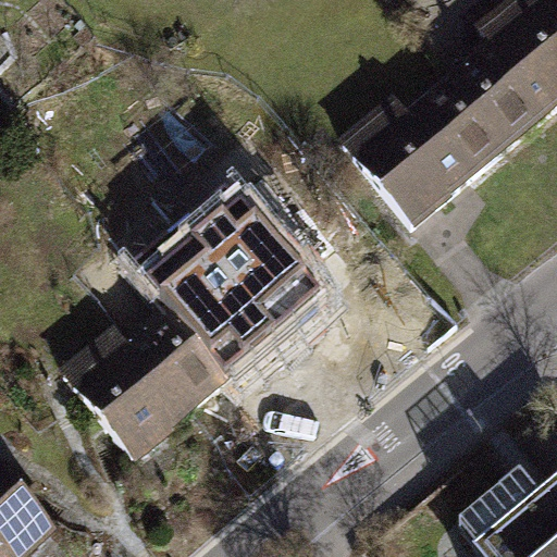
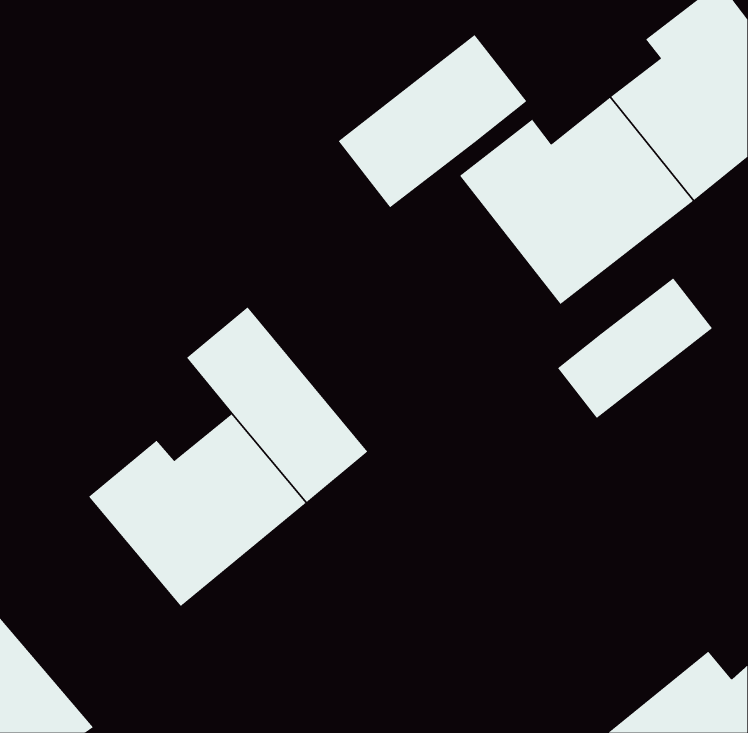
building: none -> [338,34,527,208]
building: [184,190,320,335] -> none
building: none -> [557,277,713,419]

